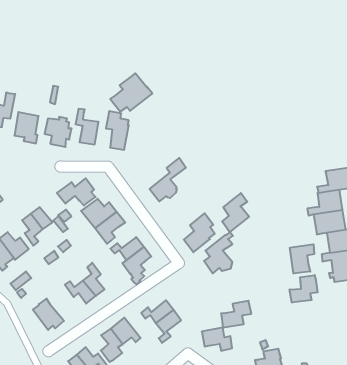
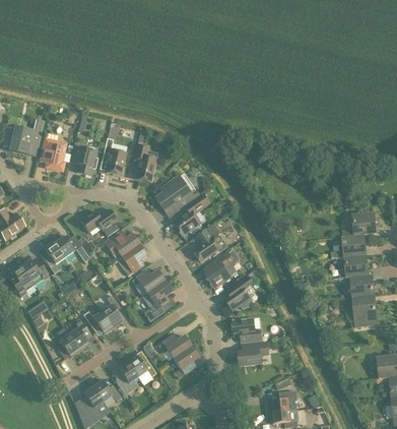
building: [110,73,152,111] -> [157,173,200,210]
building: [222,193,249,232] -> [194,224,221,262]
building: [290,244,314,274] -> none
building: [290,275,318,303] -> none
building: none -> [68,317,89,351]
building: [202,327,232,351] -> [233,318,262,342]

